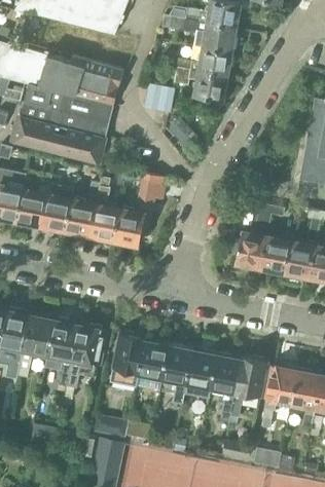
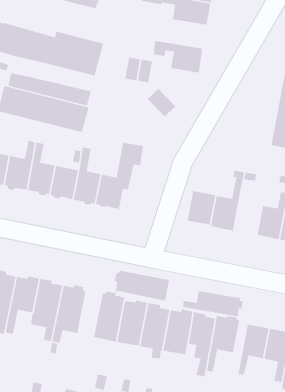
building: [176,46,231,75] -> none
building: [24,84,113,120] -> none
building: [259,235,290,272] -> [187,190,216,225]
building: none -> [114,270,170,301]
building: none -> [182,290,243,317]

